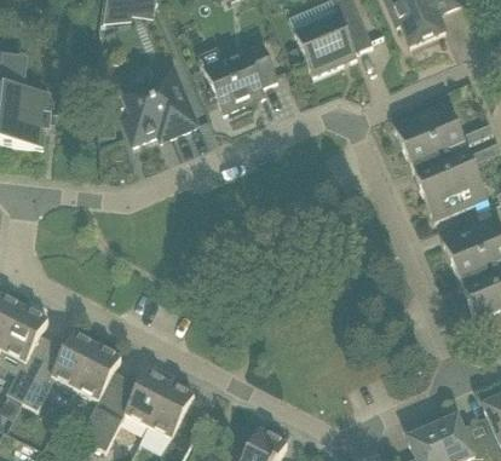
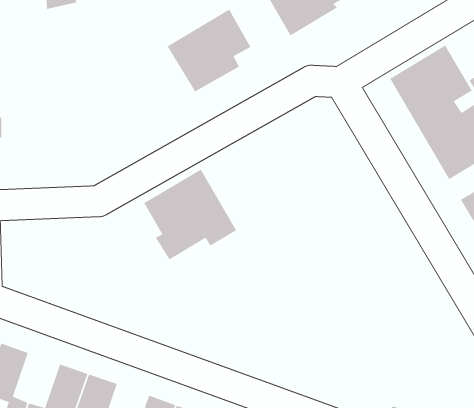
building: [117,65,196,142] -> [143,169,237,260]

